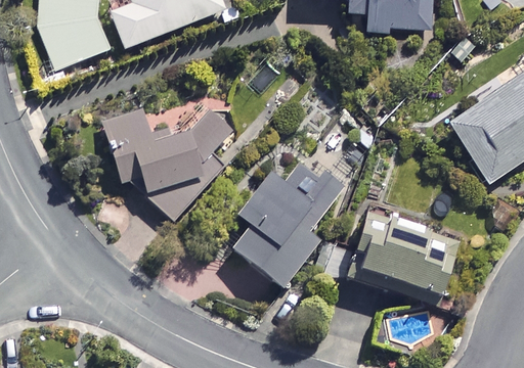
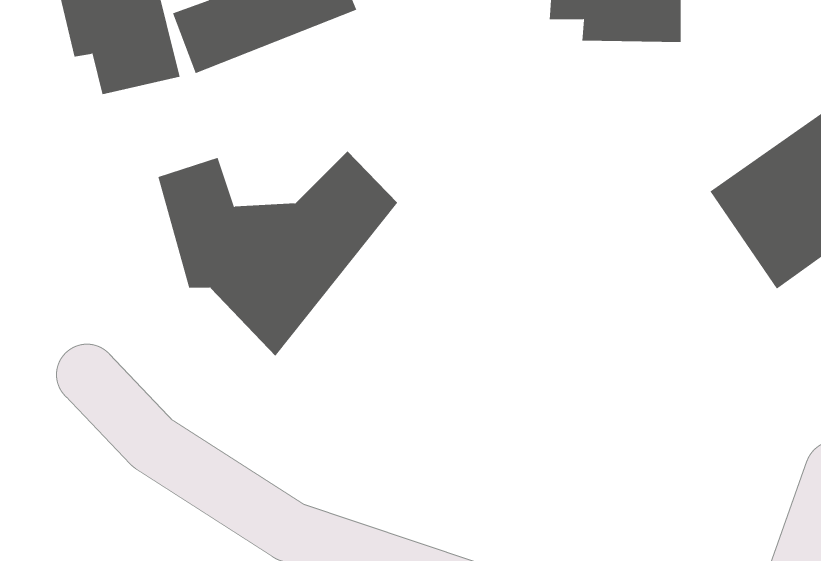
building: [229,154,343,289] -> none
building: [340,211,455,305] -> none

